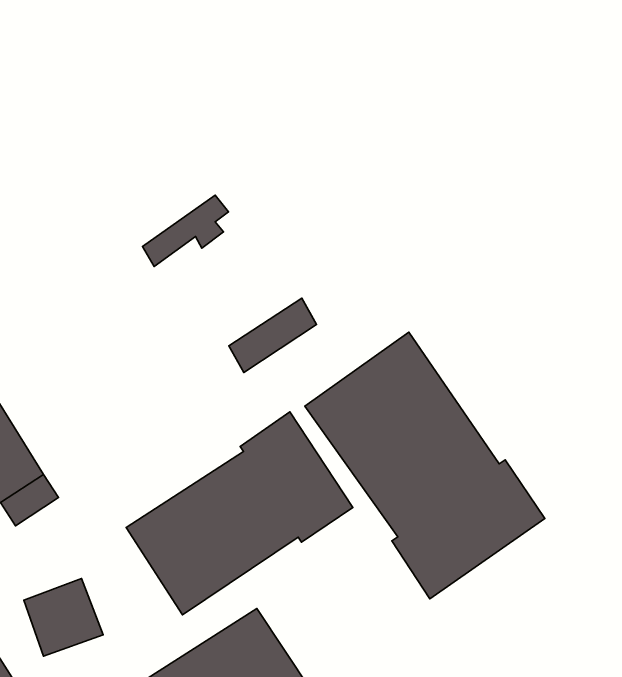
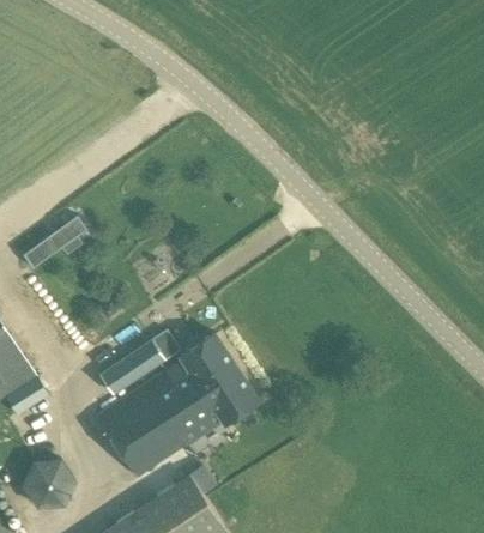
building: [142,195,228,266] -> [23,219,85,271]
building: [229,298,317,372] -> [99,341,163,395]
building: [305,332,545,599] -> none

